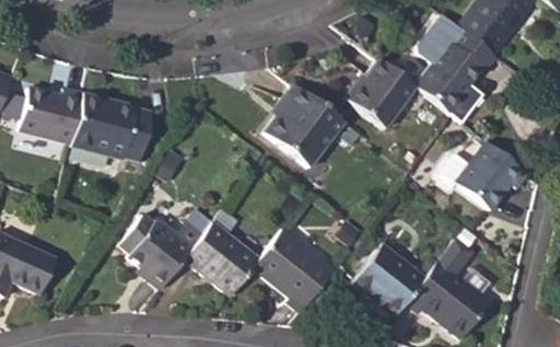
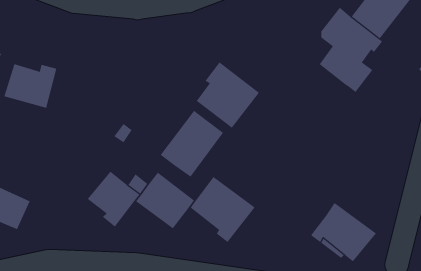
building: [342,56,419,128] -> none
building: [74,90,155,158] -> none
building: [456,138,529,208] -> none
building: none -> [160,110,224,178]
building: [357,243,428,313] -> none

